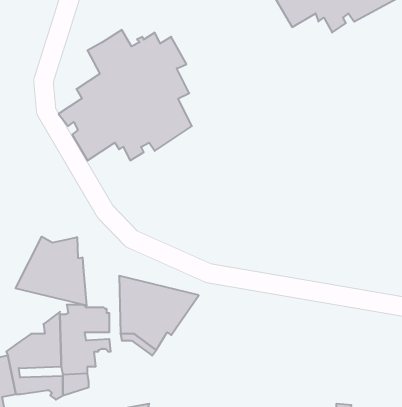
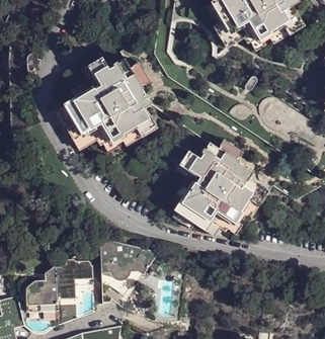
building: none -> [170,143,268,239]
building: [16,237,87,306] -> none

